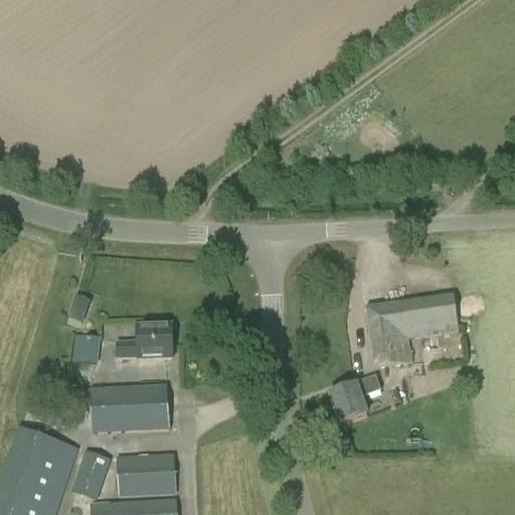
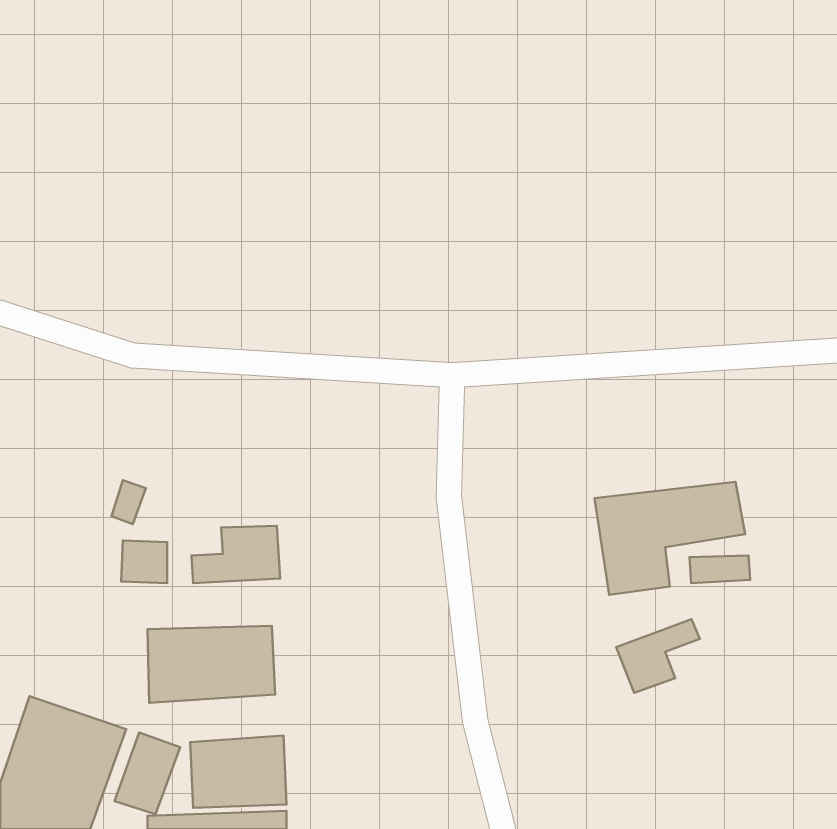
building: [330,376,381,421] -> [616,619,700,693]

